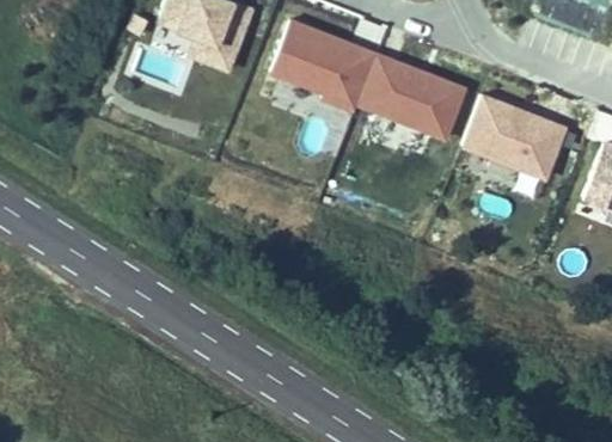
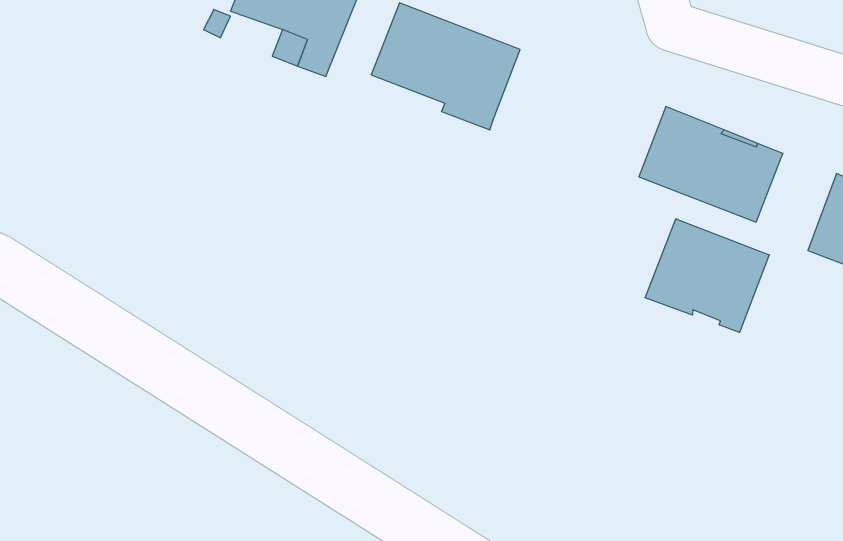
building: [357,54,465,139] -> none
building: none -> [645,219,769,332]

